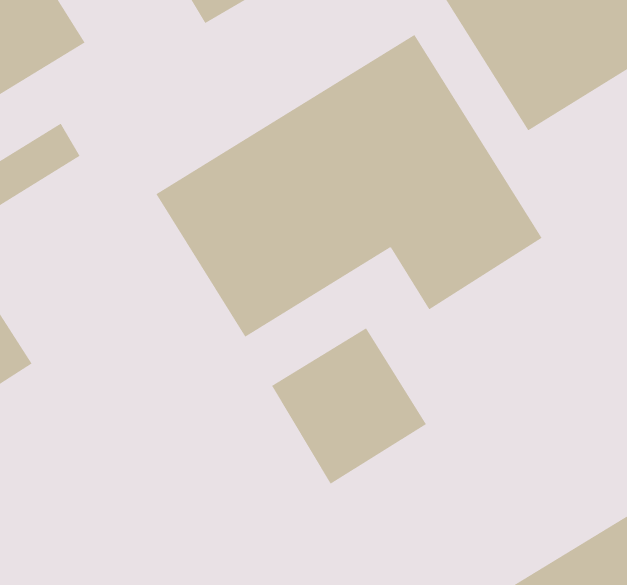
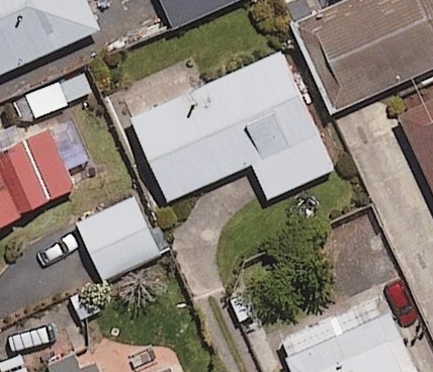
building: [271,327,427,485] -> [76,199,157,281]

